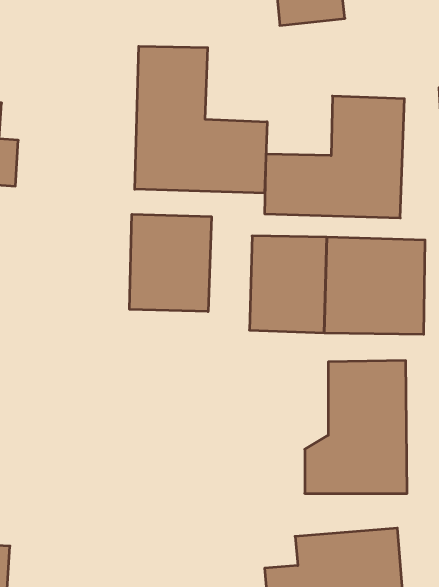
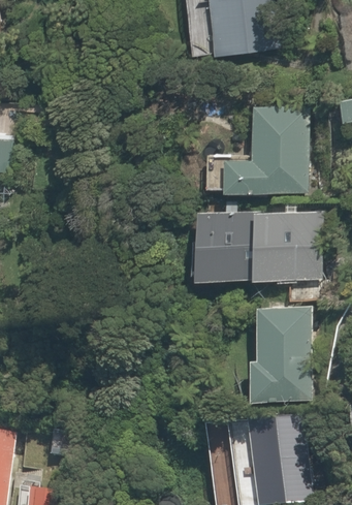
building: [135,46,267,193] -> none
building: [130,214,211,312] -> none

